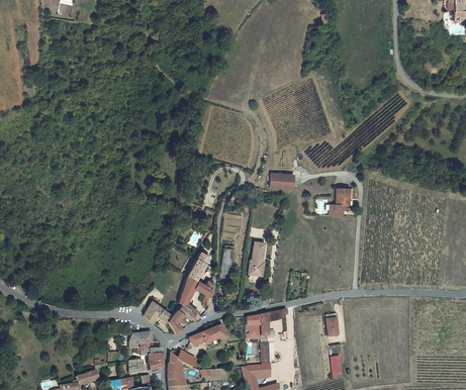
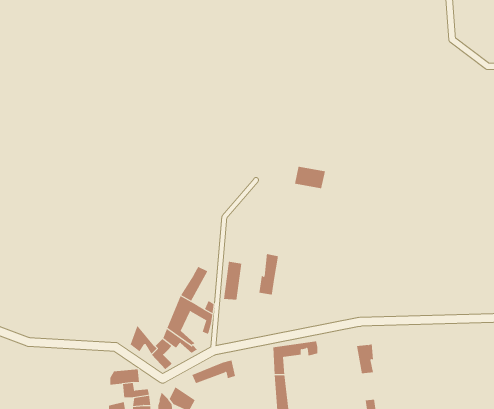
building: [331,188,350,215] -> none

